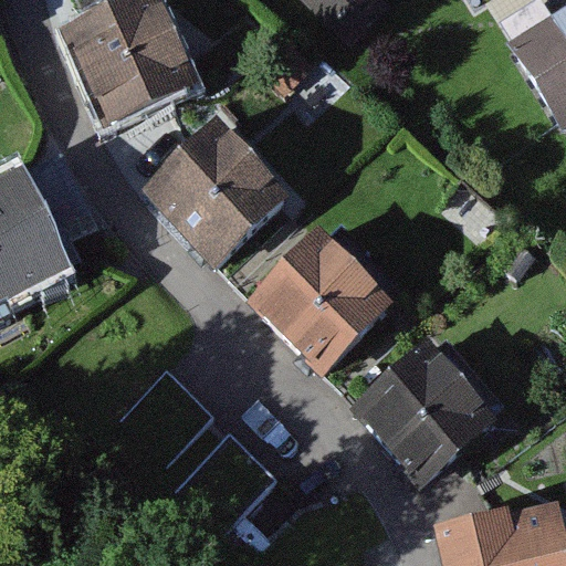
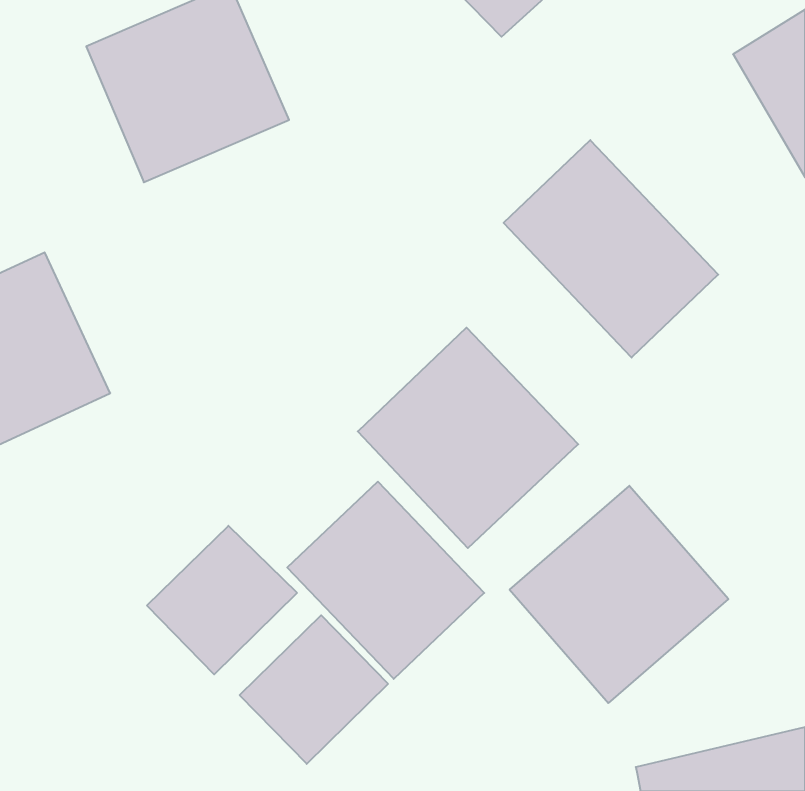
building: none -> [504,140,718,358]
building: [143,117,290,264] -> none
building: none -> [287,482,484,679]

